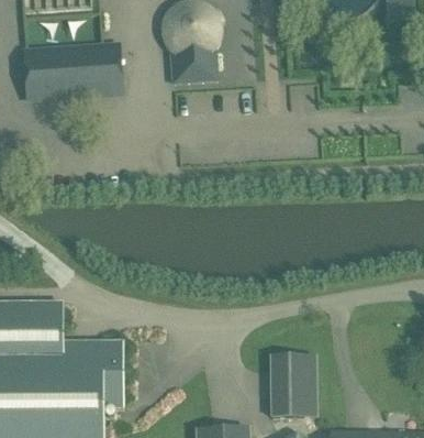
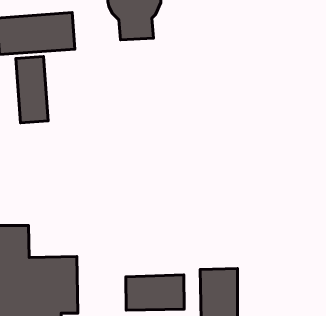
building: none -> [16,57,48,123]
building: none -> [126,275,184,310]

